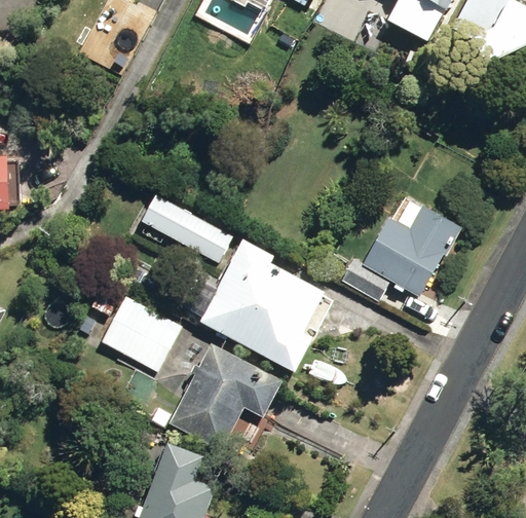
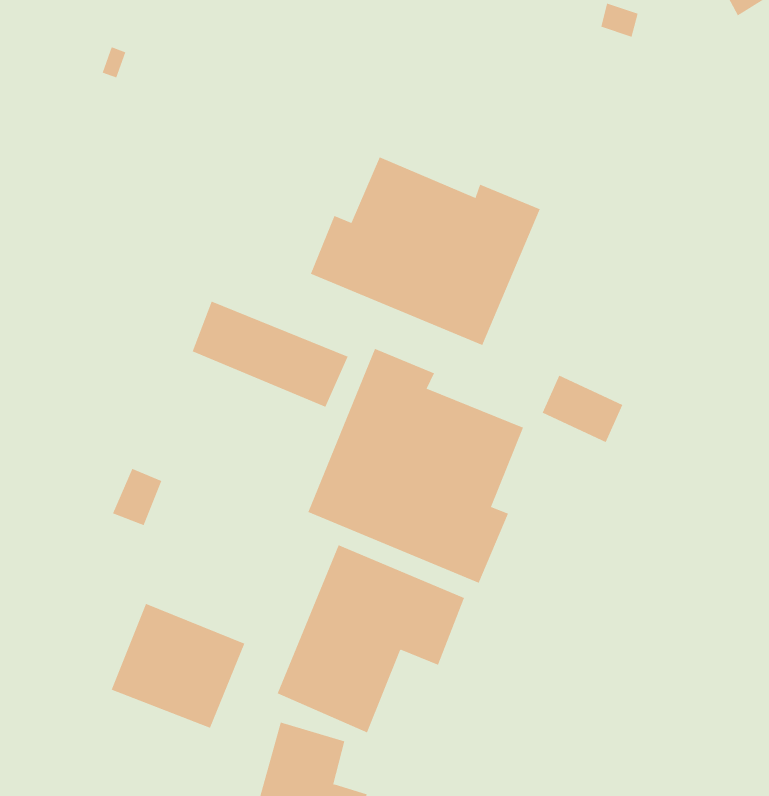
building: none -> [310,156,541,346]
building: [362,203,460,297] -> none
building: [100,297,180,373] -> [111,603,245,729]

